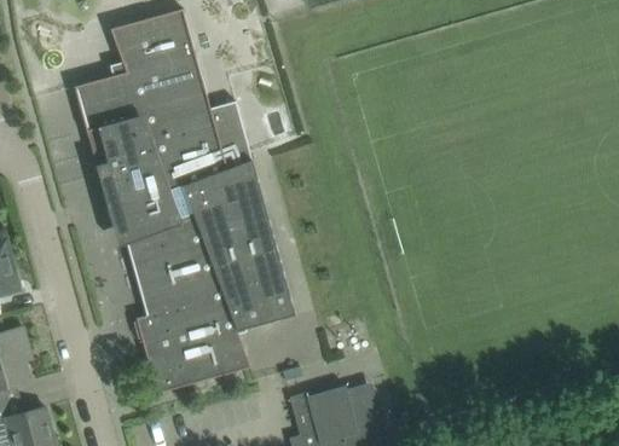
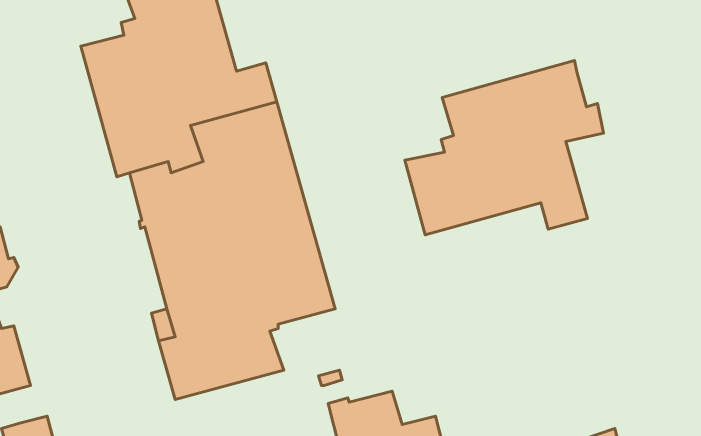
building: none -> [405,60,604,235]

